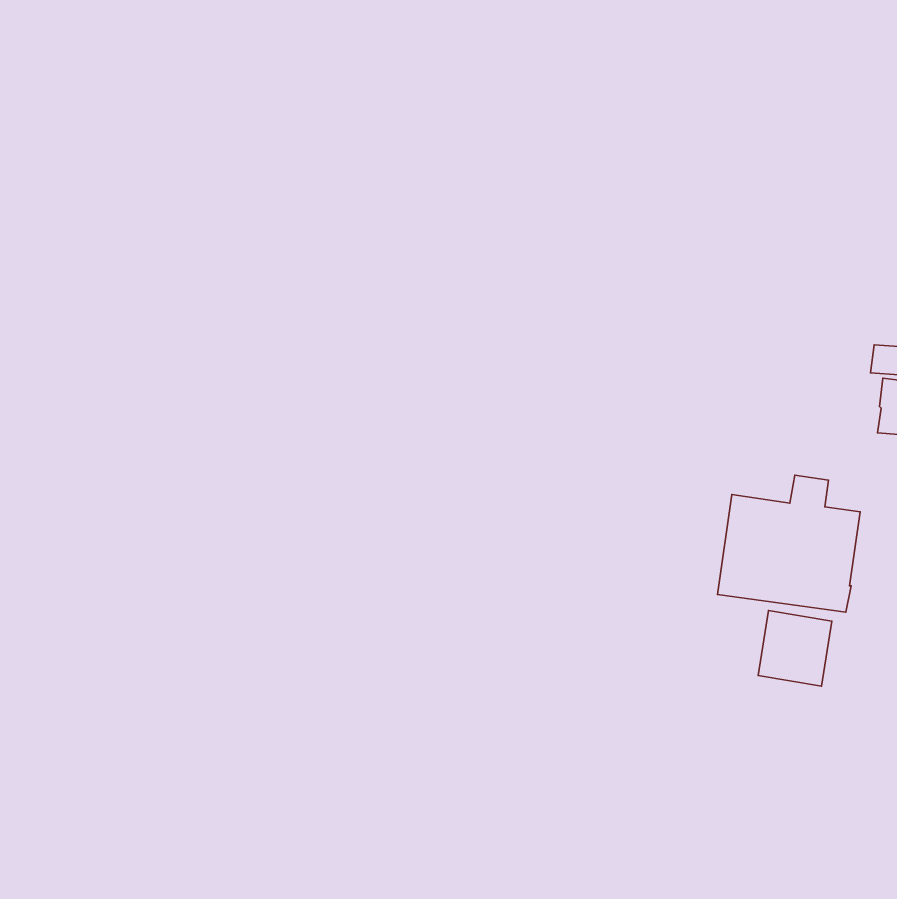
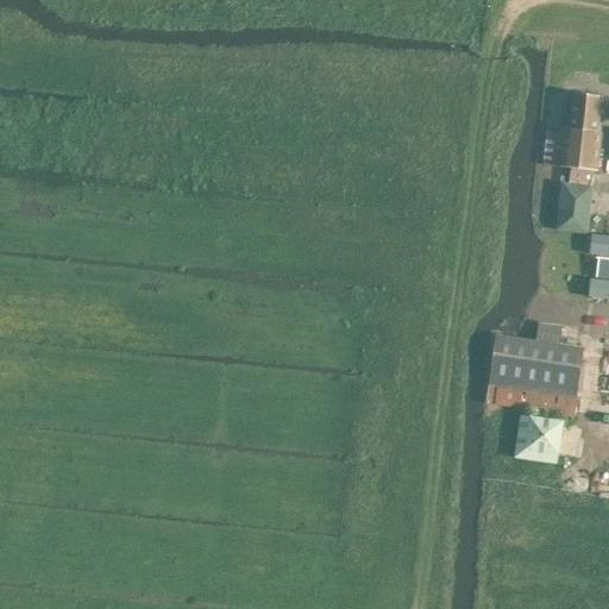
building: none -> [544,93,601,231]

